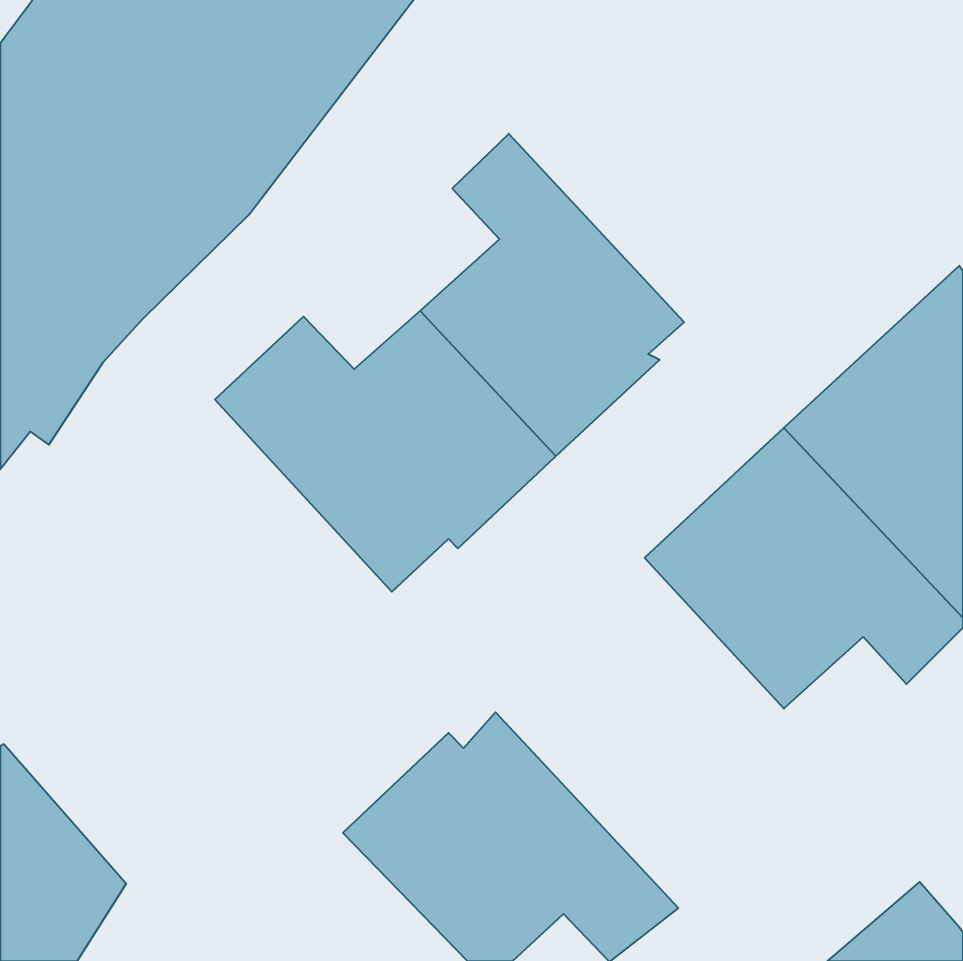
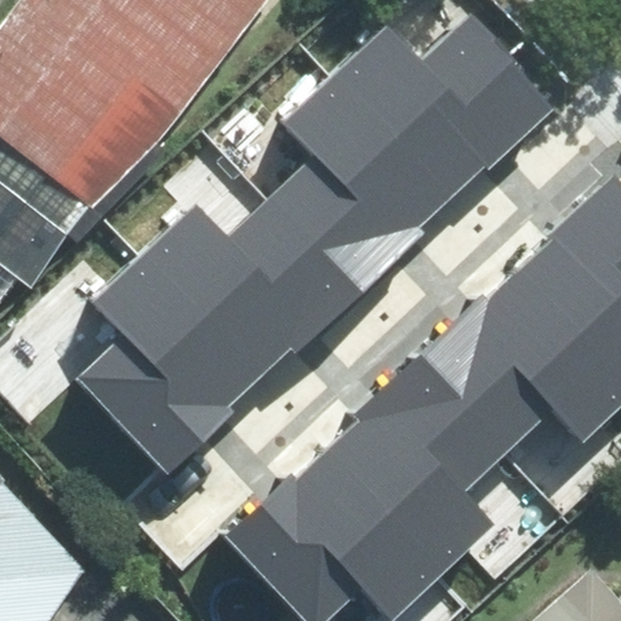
building: none -> [327,19,554,207]
building: none -> [76,257,252,474]
building: none -> [319,359,505,585]

